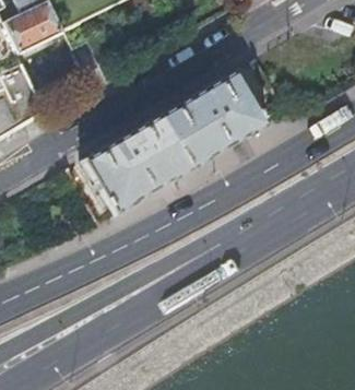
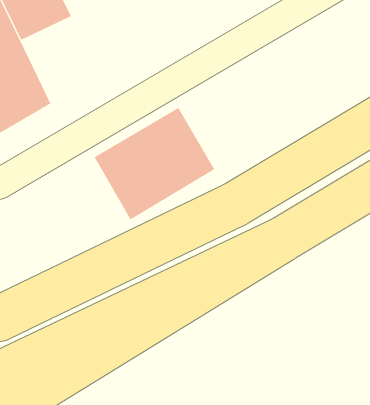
building: [162,69,271,169] -> none

